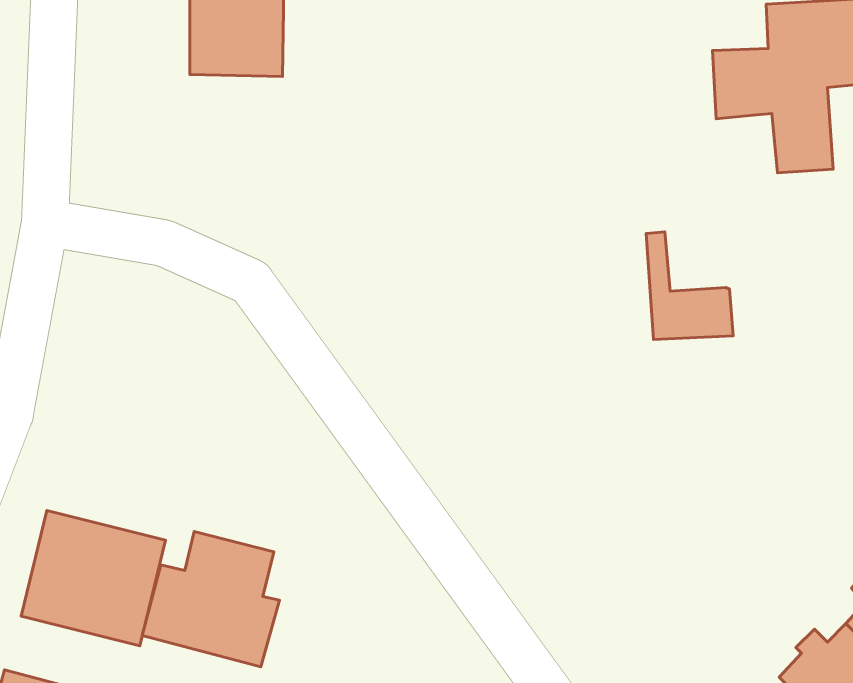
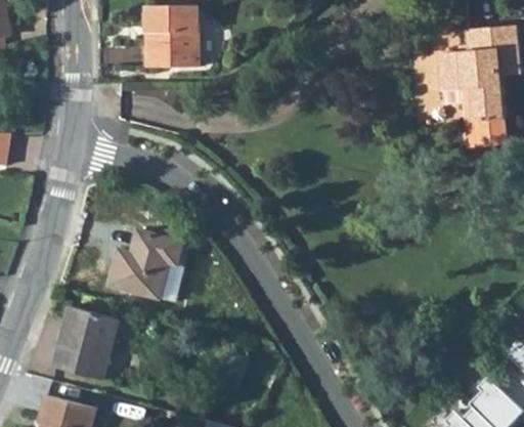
building: [646,232,733,339] -> [457,88,506,147]
building: [142,532,279,667] -> [110,227,185,302]

